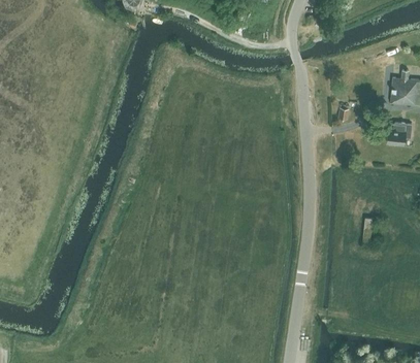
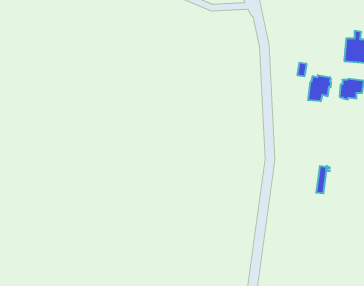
building: none -> [308,75,331,101]

